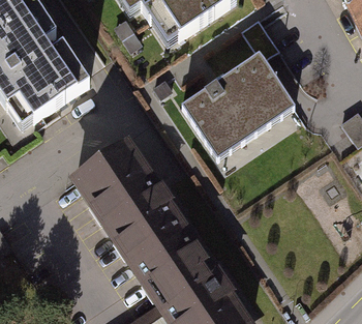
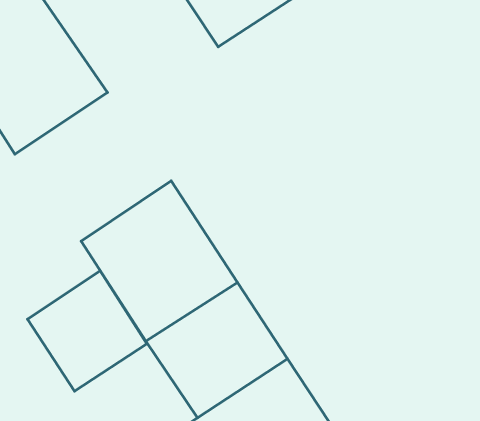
building: [182,51,297,158] -> none
building: none -> [27,271,147,391]

